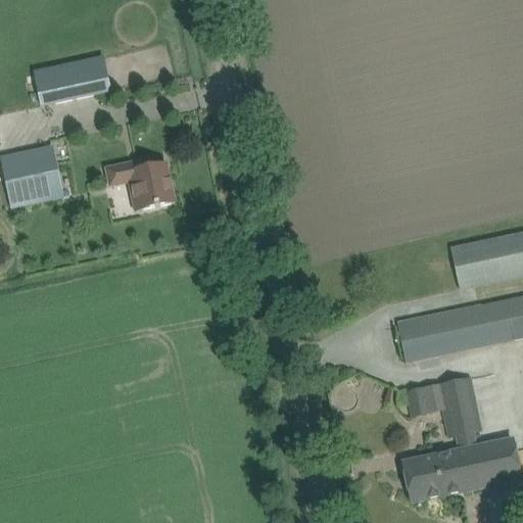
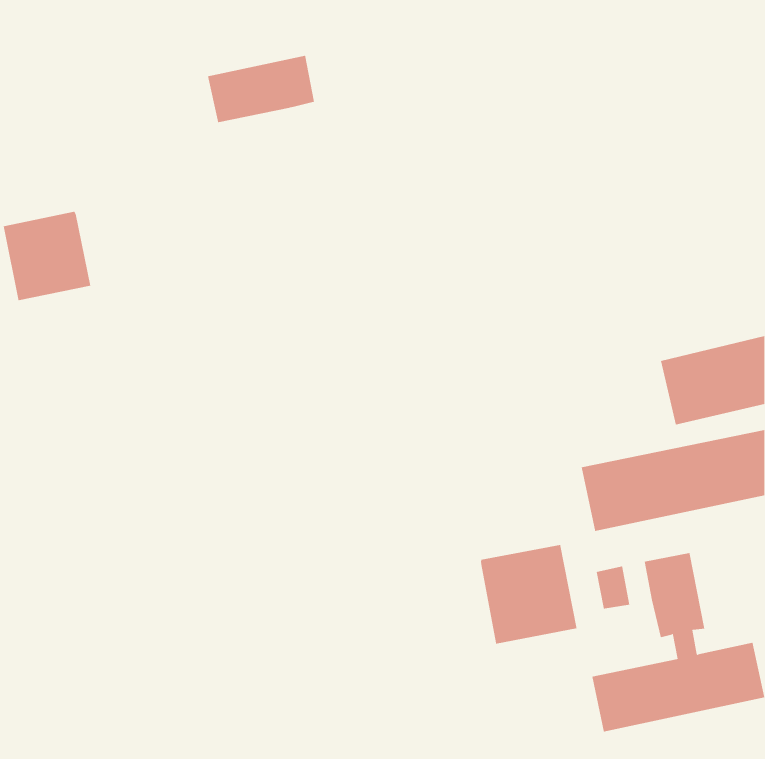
building: [36,57,109,103] -> [207,55,315,123]
building: [105,155,175,208] -> none
building: none -> [481,544,577,645]

